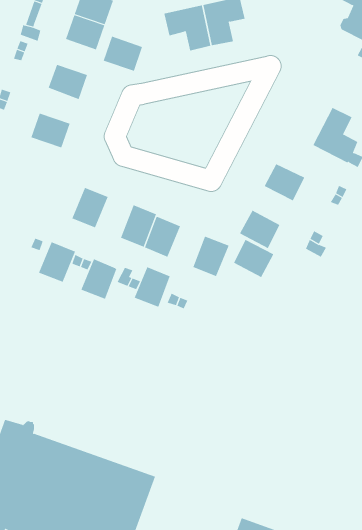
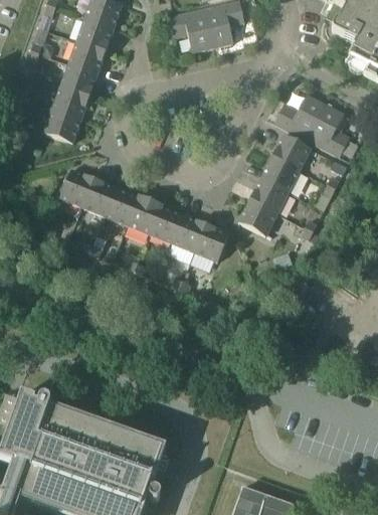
building: [103,36,143,72] -> [68,40,106,73]
building: none -> [52,85,89,119]
building: none -> [274,94,325,139]
building: none -> [272,134,311,169]
building: [233,239,274,278] -> [250,177,289,213]
building: [38,242,76,283] -> [59,169,94,207]
building: [80,258,118,299] -> [105,187,140,225]
building: [134,267,171,308] -> [172,214,206,252]

